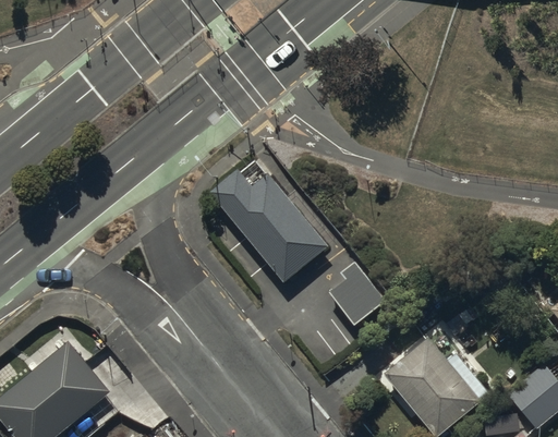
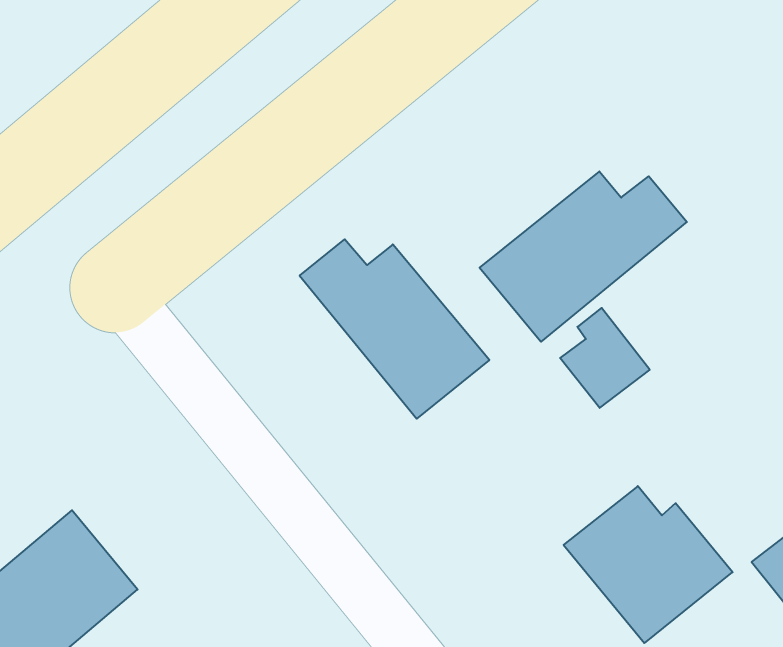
building: none -> [480,171,687,342]
building: [330,265,387,328] -> [560,308,650,408]

